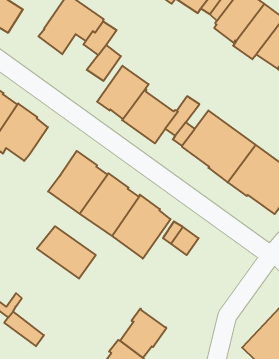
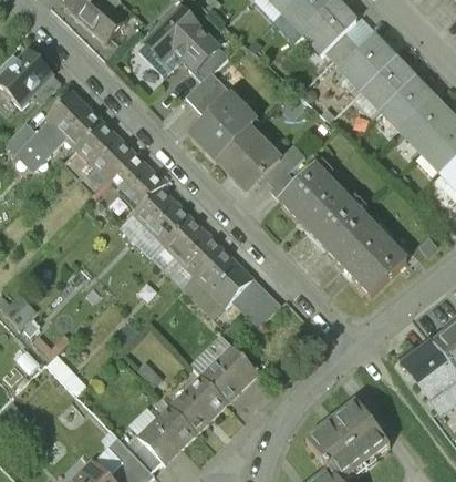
building: none -> [107,151,164,209]
building: [37,226,96,279] -> none
building: none -> [203,343,258,399]

